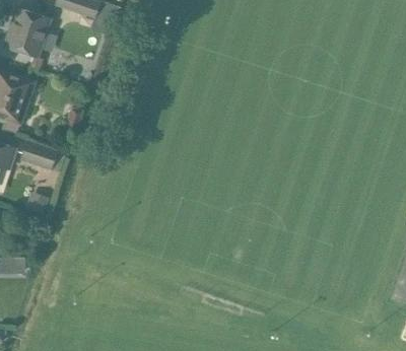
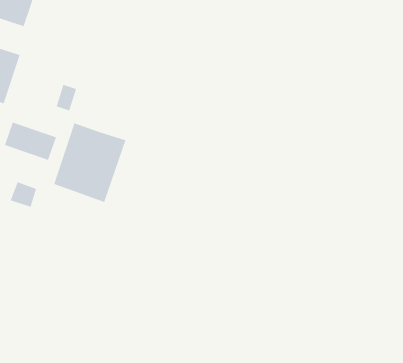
building: none -> [53,122,126,203]

